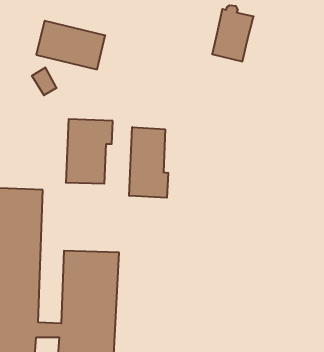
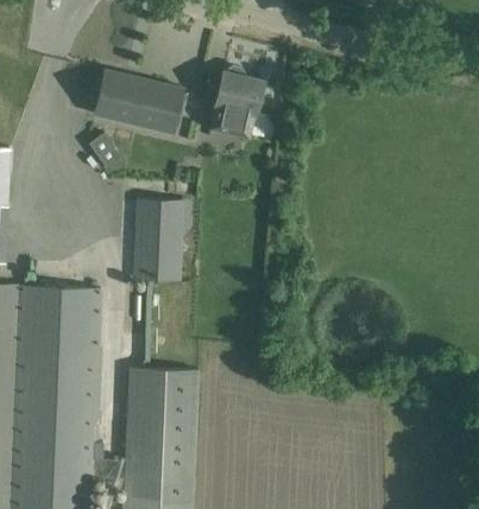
building: [212,5,254,61] -> [209,68,263,140]
building: [129,127,168,198] -> none

